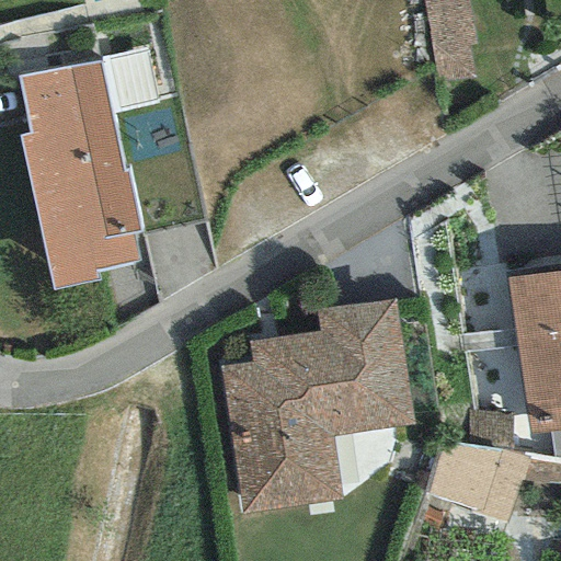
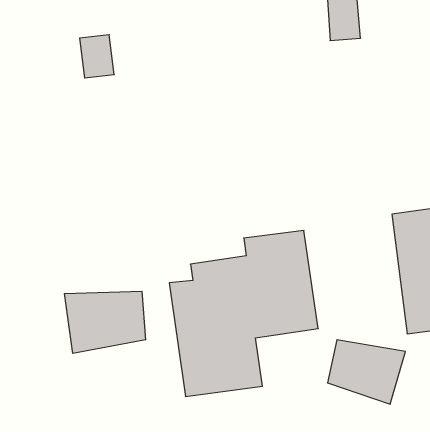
building: [20,59,146,290] -> none
building: none -> [64,291,145,353]

